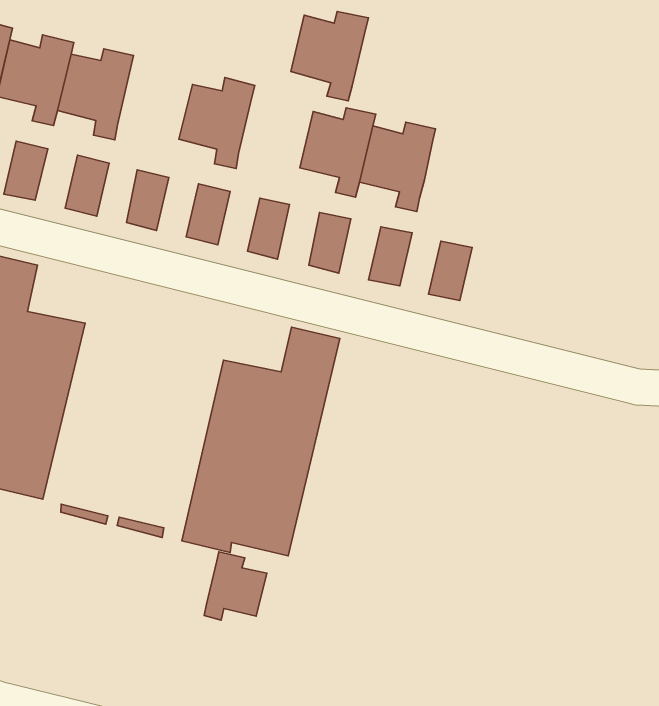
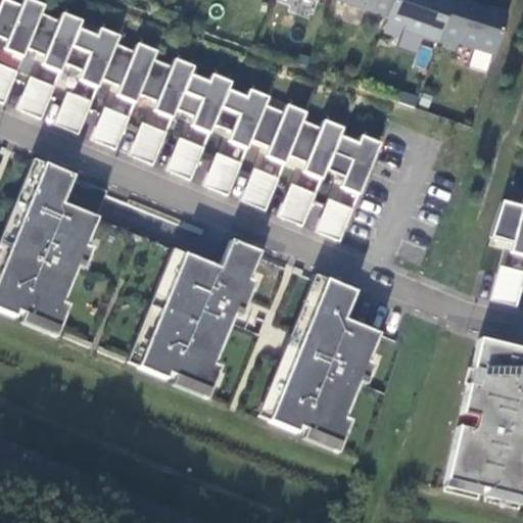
building: [291,12,369,101] -> [213,88,269,147]
building: none -> [139,57,194,116]
building: none -> [325,134,380,193]
building: none -> [269,277,380,439]
building: [204,552,267,620] -> none

